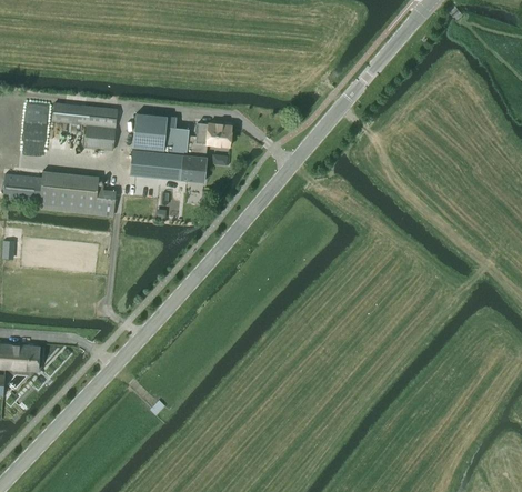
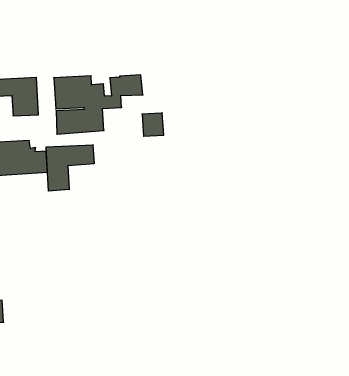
building: [181,154,205,181] -> [142,113,164,136]
building: none -> [46,145,94,191]

